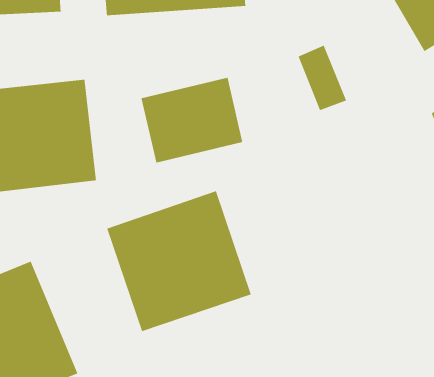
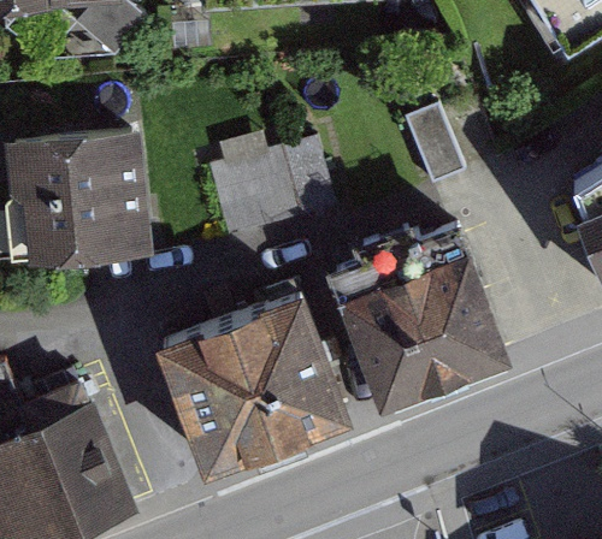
building: none -> [337,207,518,393]

